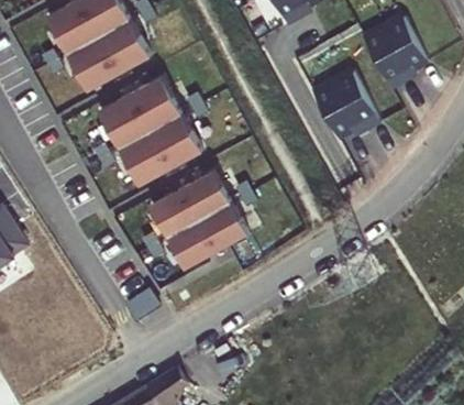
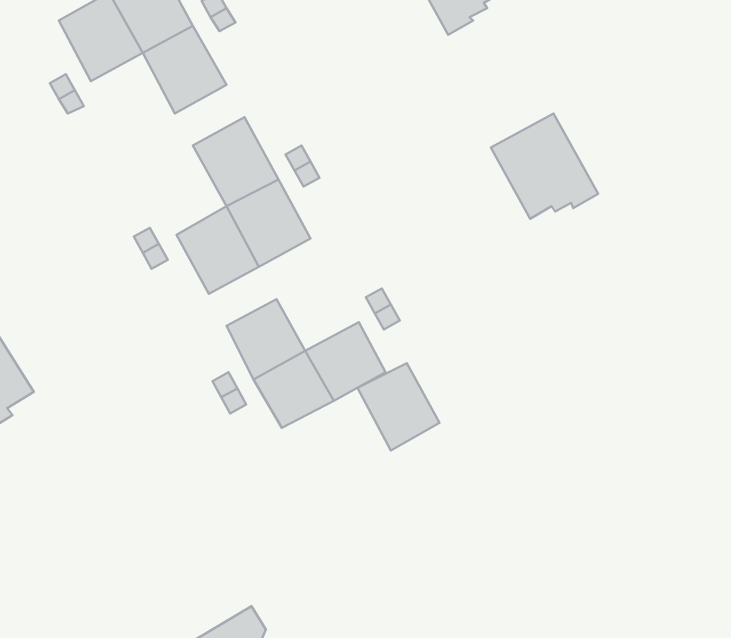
building: [363,18,426,89] -> none
building: [66,35,118,89] -> none
building: [98,92,150,147] -> none
building: [180,169,231,219] -> none
building: none -> [357,363,439,450]

